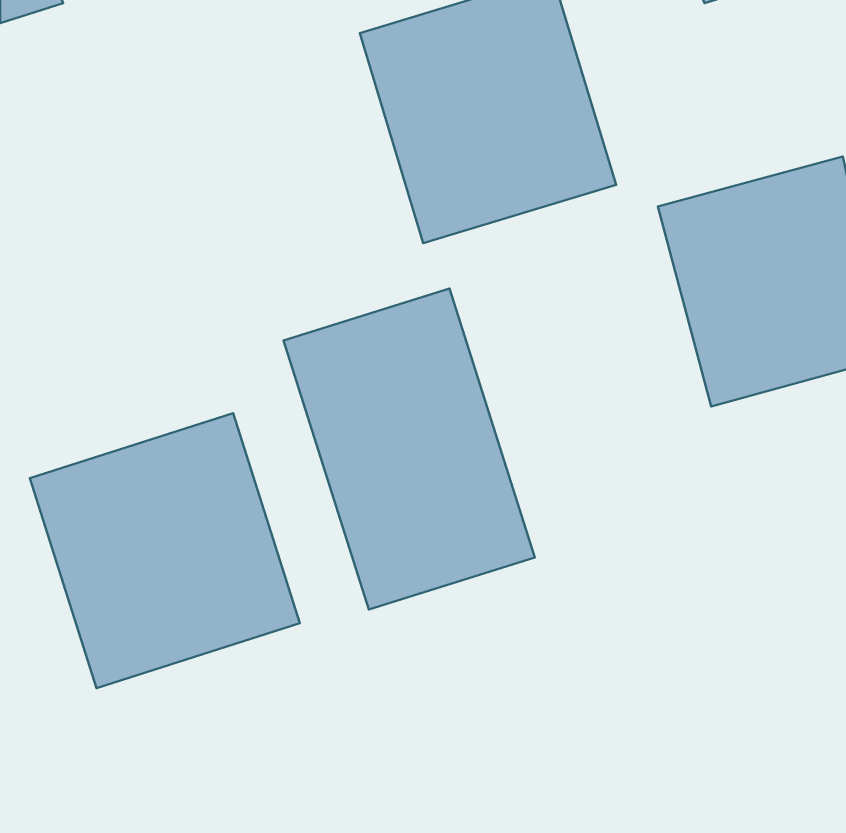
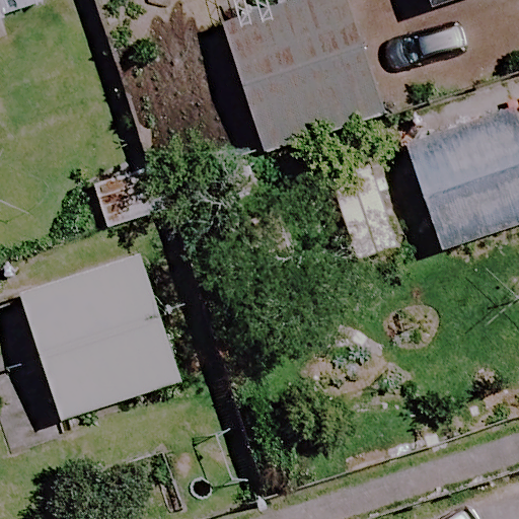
building: [284,288,535,609] -> none

